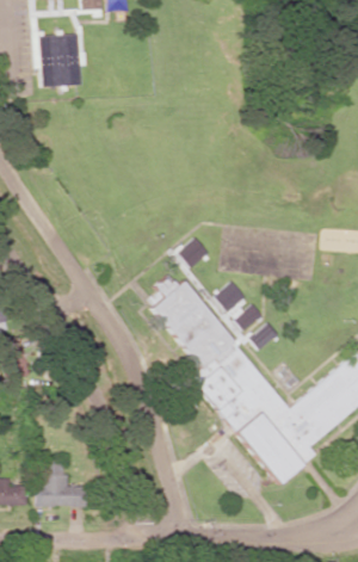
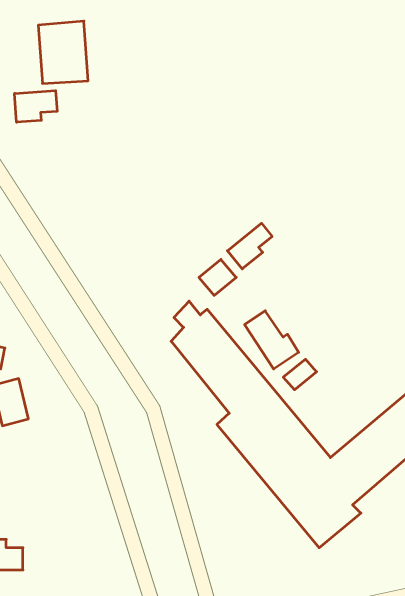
building: none -> [15,91,57,122]
building: none -> [227,223,272,269]
building: [38,461,87,506] -> none

